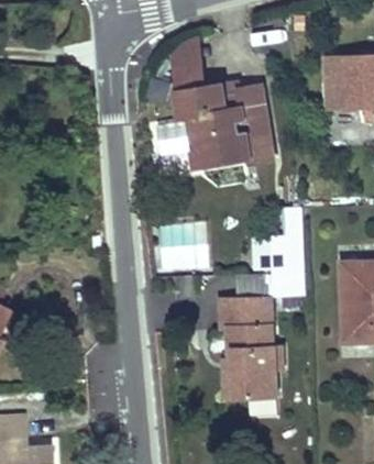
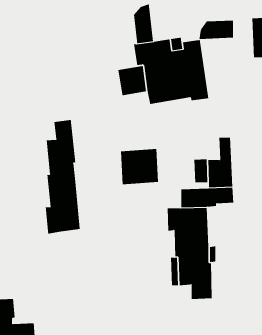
building: none -> [199,20,234,40]
building: none -> [45,119,80,235]

